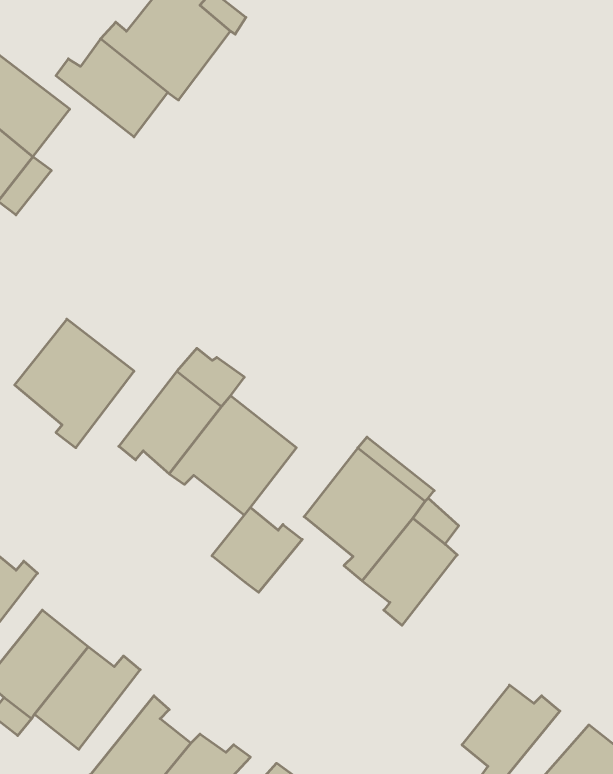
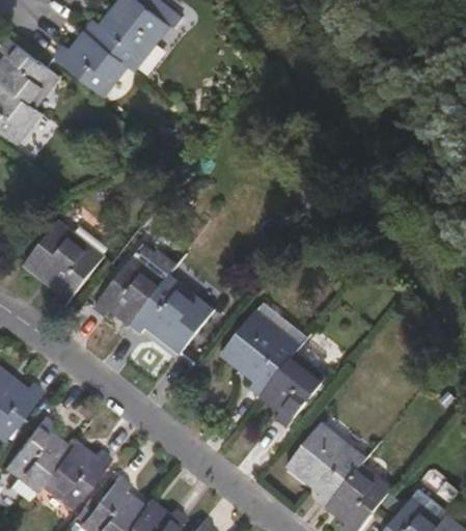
building: [212,508,302,592] -> none
building: none -> [285,421,366,509]

